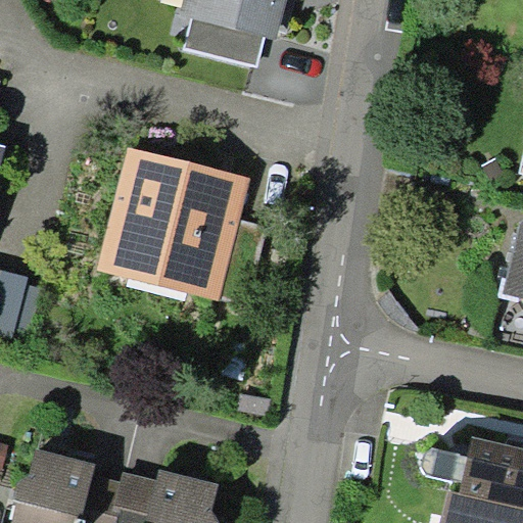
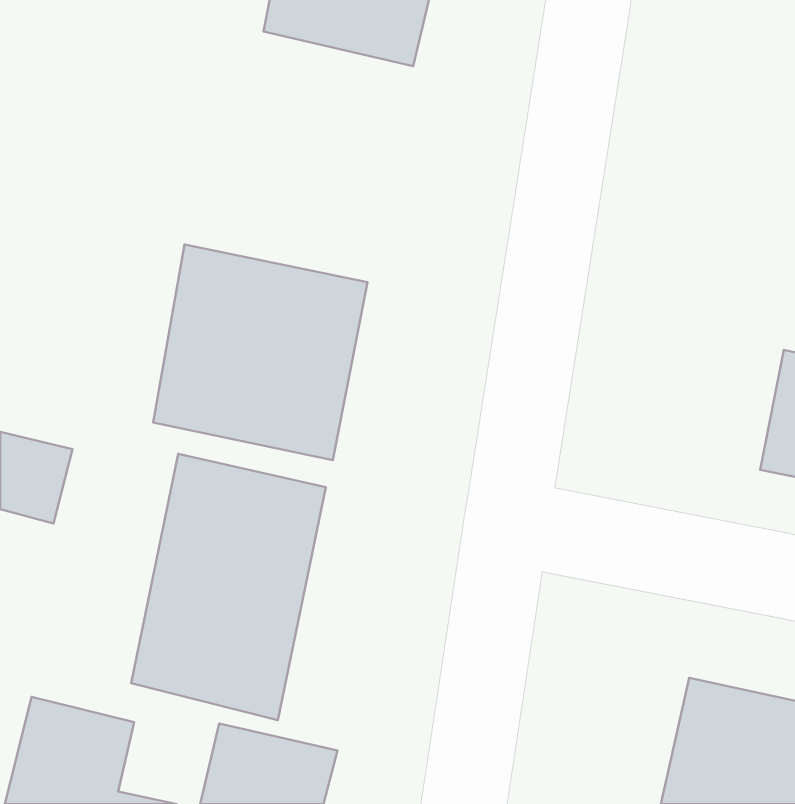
building: none -> [131,454,326,720]

